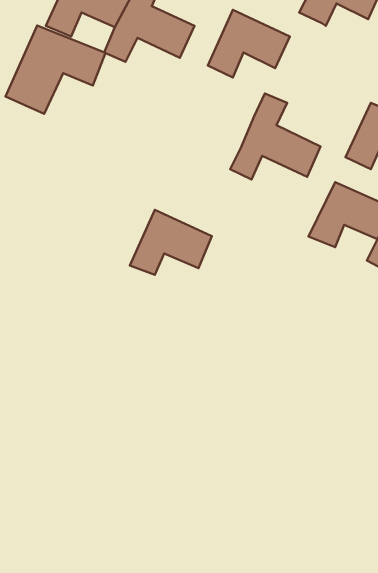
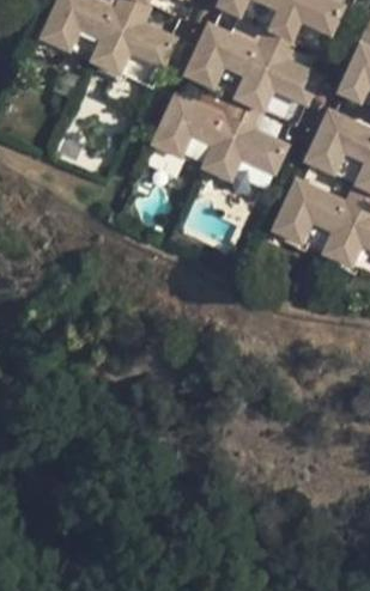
building: none -> [242,35,326,116]
building: [5,26,106,114] -> none
building: [130,210,212,275] -> [158,104,232,163]

